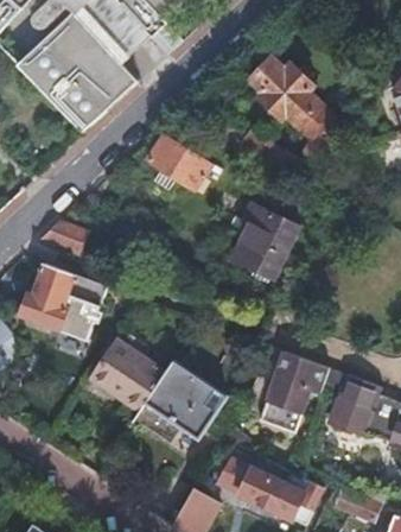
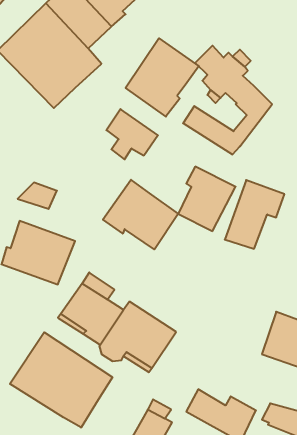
building: none -> [126,38,199,117]
building: none -> [103,180,178,249]
building: [259,352,329,432] -> [225,180,284,249]
building: none -> [10,332,112,428]

